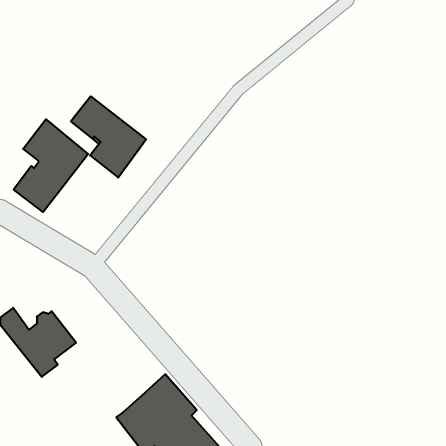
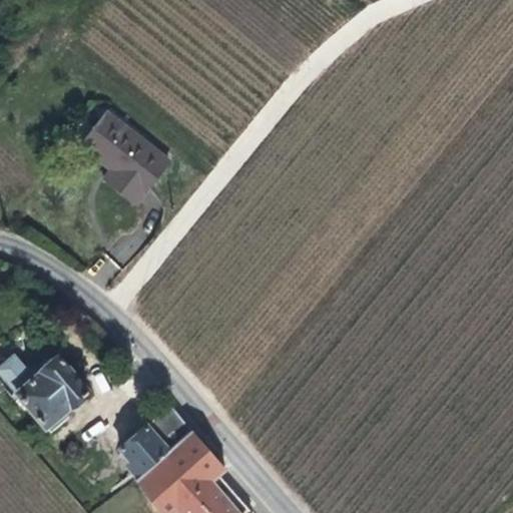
building: [14,119,88,212] -> none
building: none -> [120,427,167,474]

